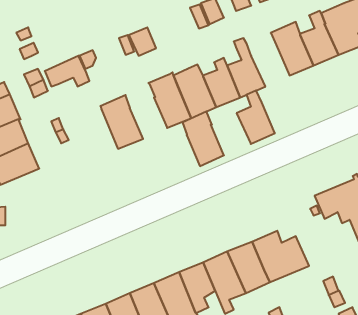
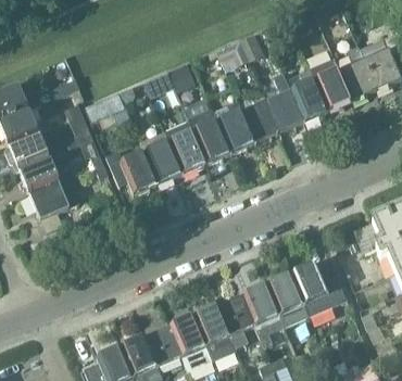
building: [237,90,275,144] -> [290,68,328,122]
building: none -> [105,144,158,194]
building: [182,111,224,166] -> [165,119,206,174]

